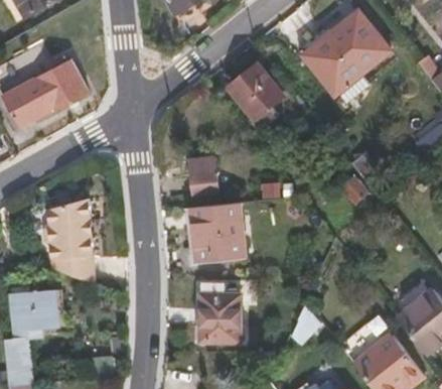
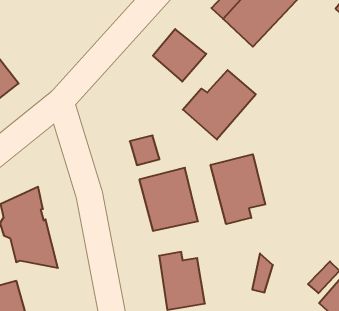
building: none -> [183,70,256,140]
building: none -> [211,154,265,224]

